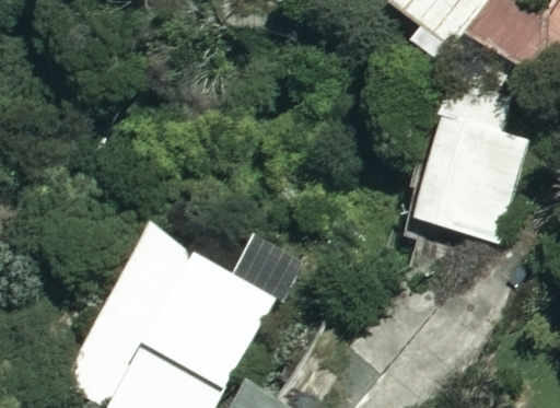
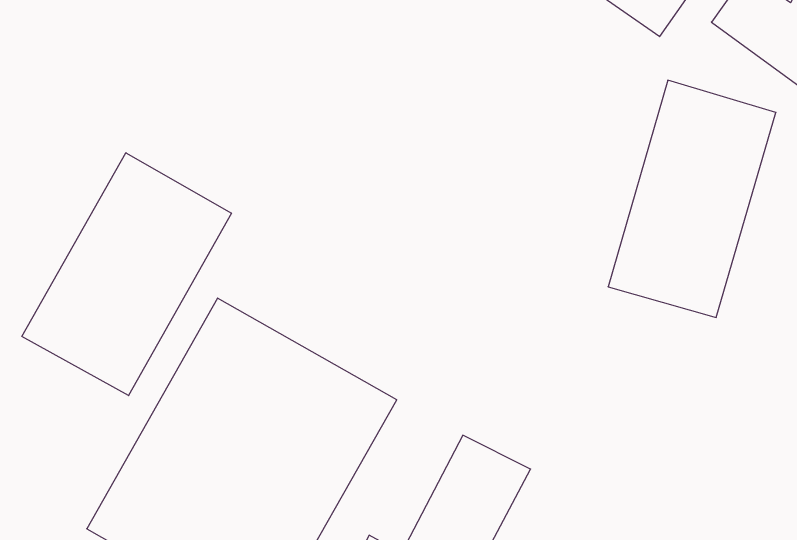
building: none -> [22,153,231,396]

